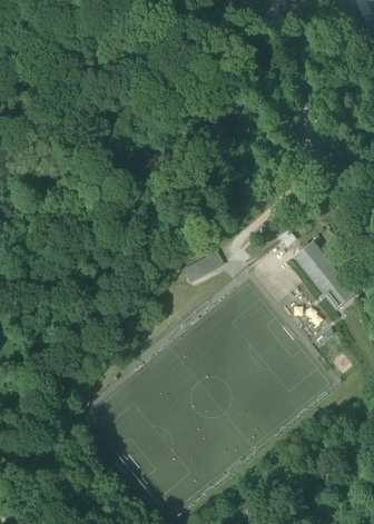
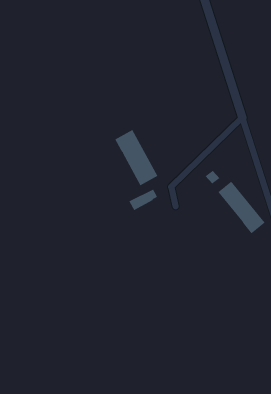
building: none -> [114,129,158,186]

